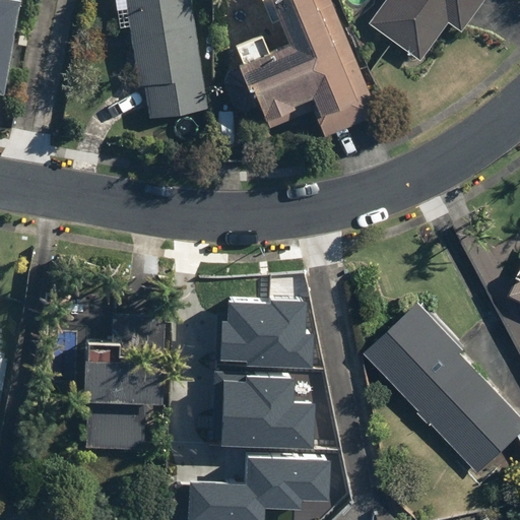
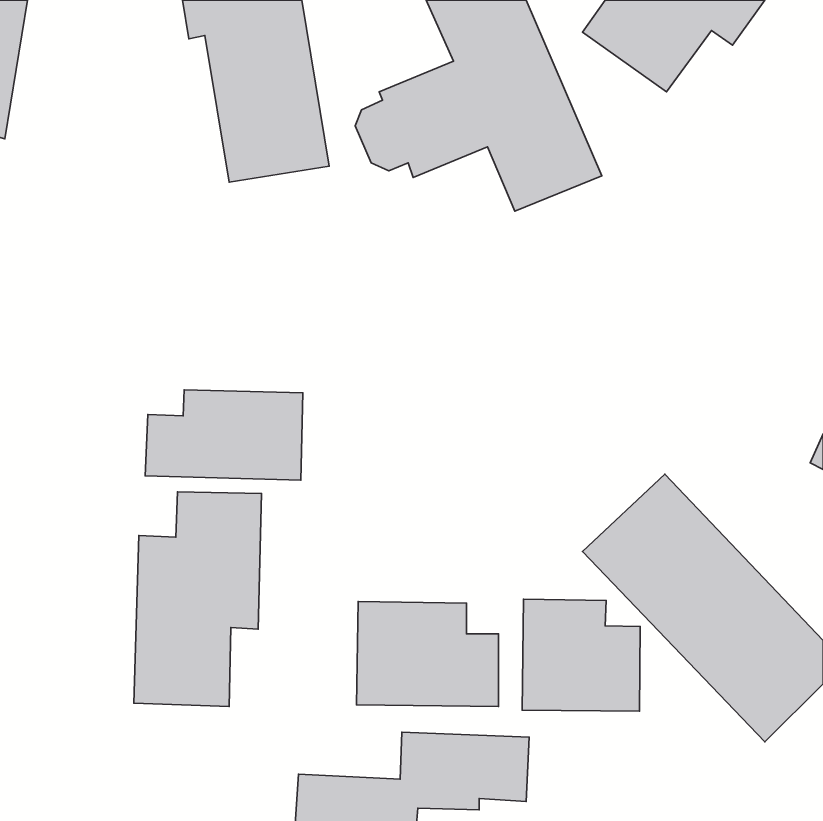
building: none -> [145,390,303,480]
building: [218,304,313,372] -> none
building: none -> [522,599,640,711]

